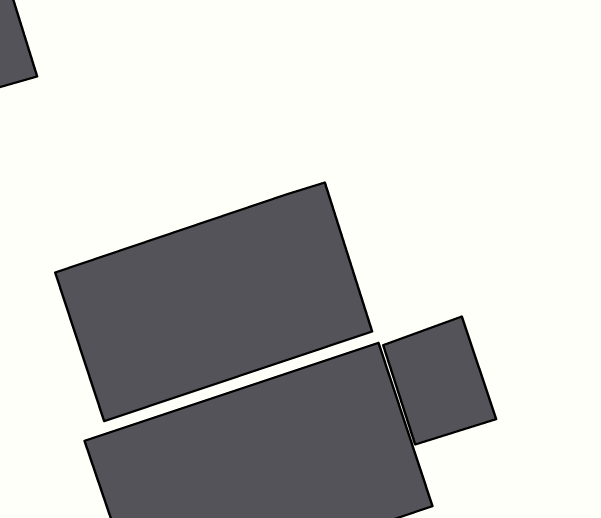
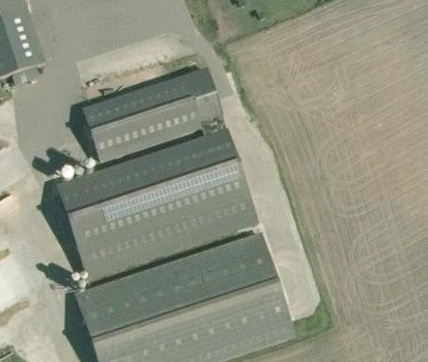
building: none -> [83,67,228,160]
building: [383,316,496,445] -> none

